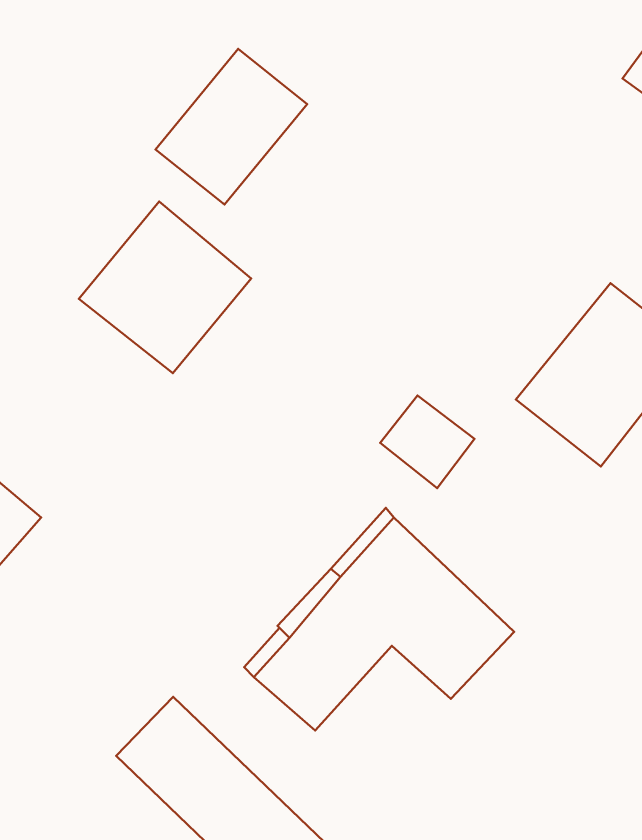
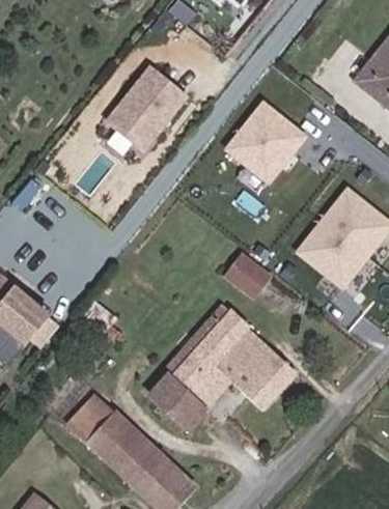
building: none -> [223,100,306,183]
building: [79,202,251,373] -> none
building: none -> [68,393,115,440]

